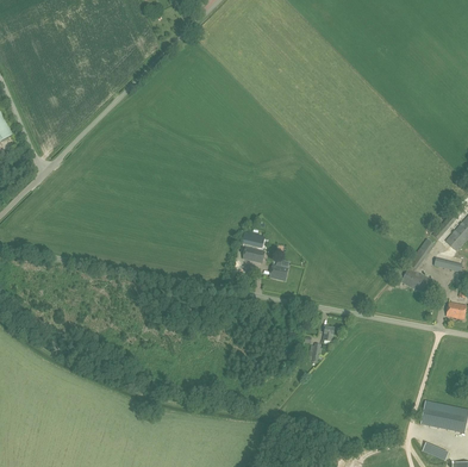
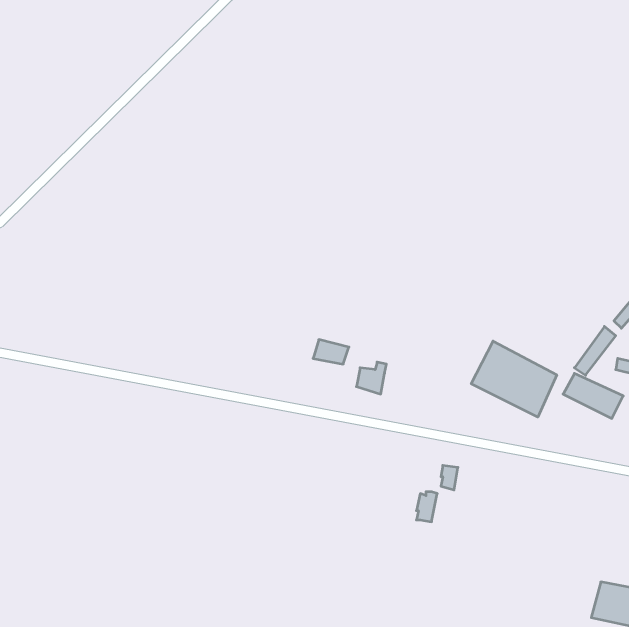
building: none -> [471,341,557,417]

